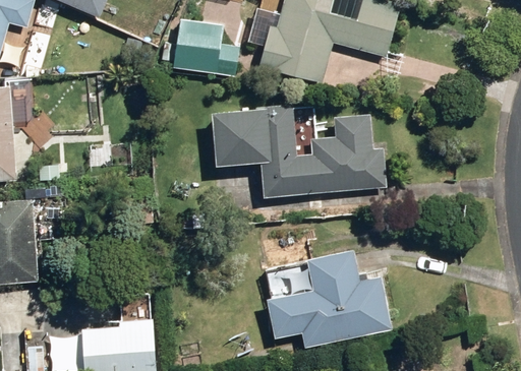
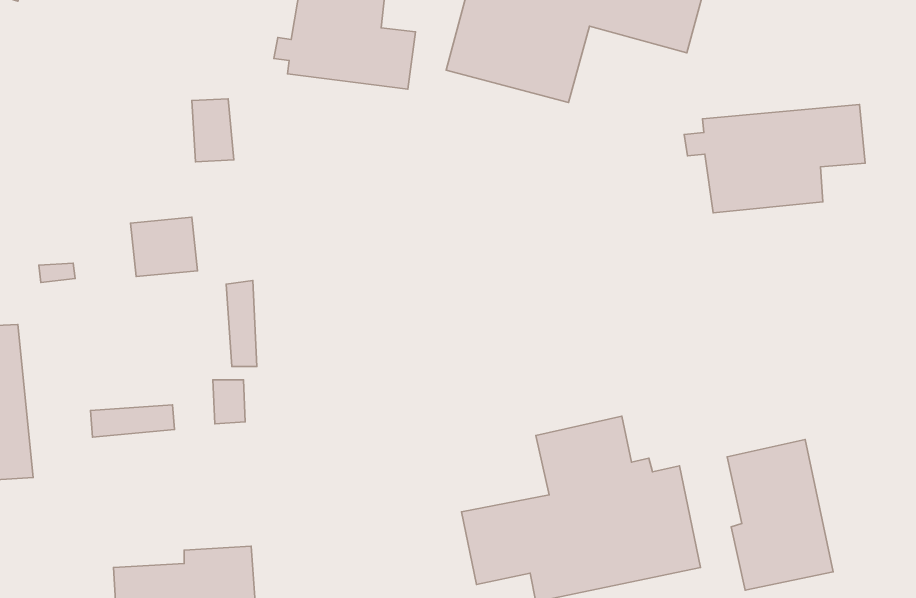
building: none -> [684,105,865,213]
building: [207,105,387,199] -> none
building: none -> [727,440,833,590]

